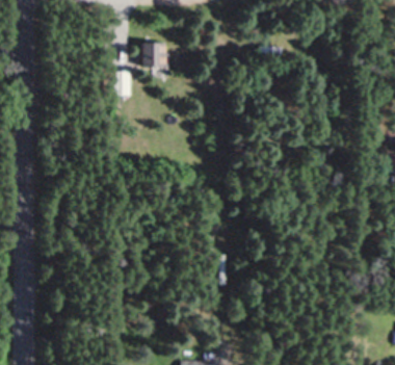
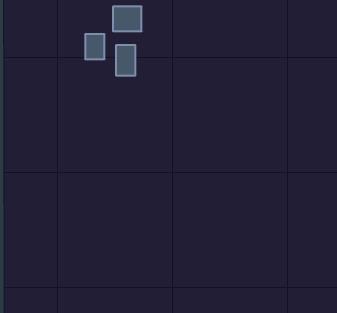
building: none -> [116,45,135,76]

